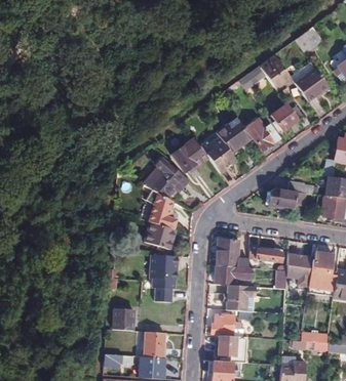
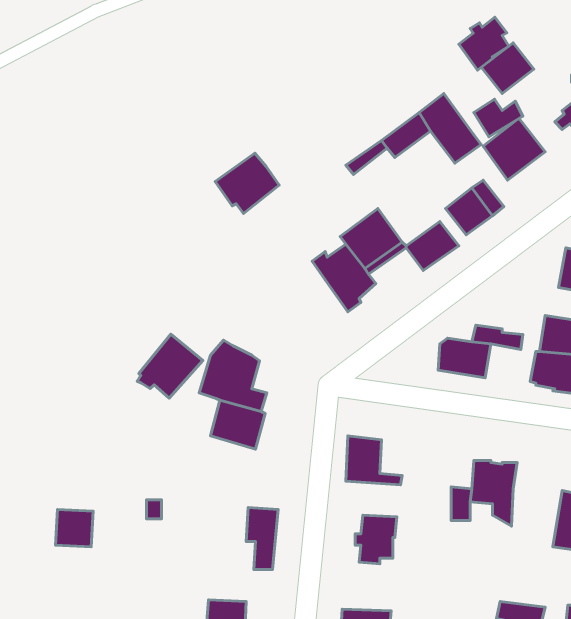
building: none -> [459,17,509,70]
building: [172,138,207,171] -> [215,153,279,213]
building: [150,162,186,197] -> [137,334,203,398]
building: [249,244,282,262] -> none
building: [309,252,335,292] -> none
building: [154,254,182,279] -> none
building: [217,265,252,282] -> none
building: [111,308,131,329] -> [56,509,93,547]
building: [212,314,240,334] -> none

